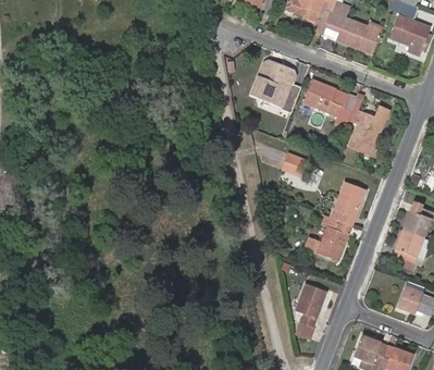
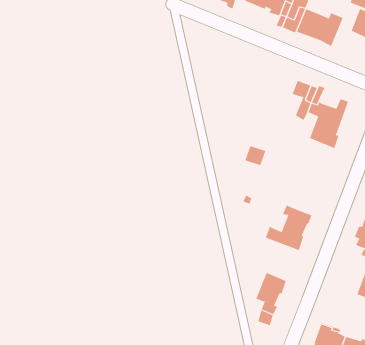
building: [259,61,299,113] -> none
building: [303,79,342,116] -> none
building: [330,181,365,225] -> none

